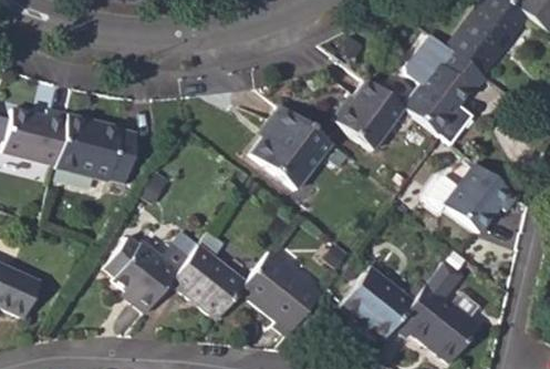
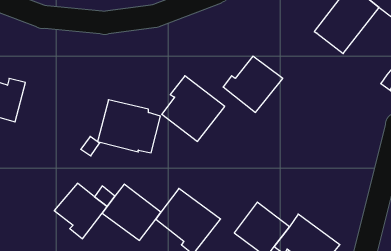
building: [407,32,489,142] -> none
building: [59,111,141,180] -> [97,100,160,153]
building: [445,160,519,230] -> none

